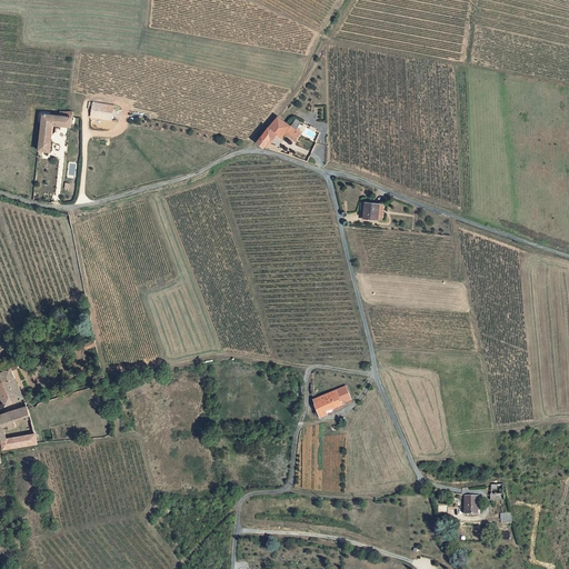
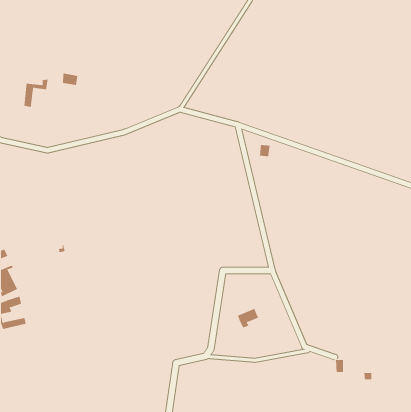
building: [261,117,305,150] -> none
building: [311,389,341,417] -> [237,308,259,328]

